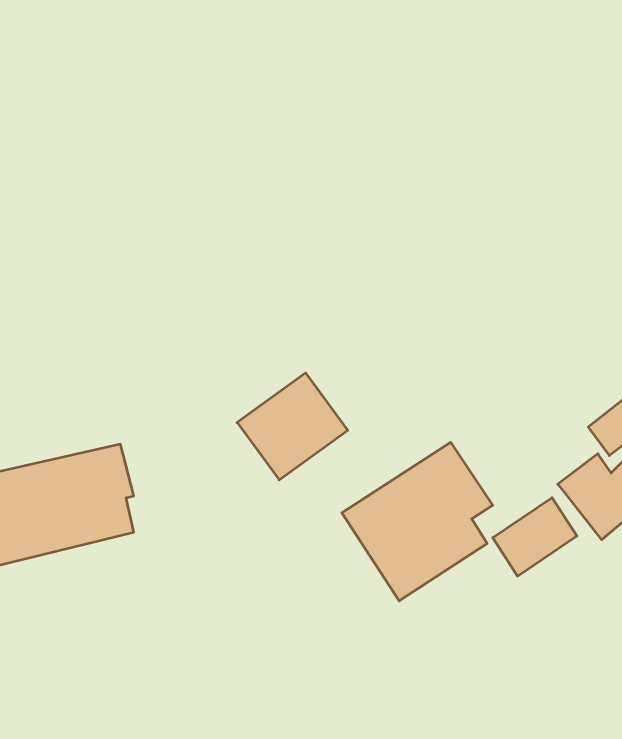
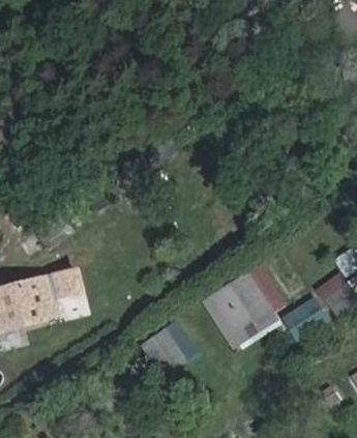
building: [237,373,348,480] -> [141,318,201,376]

